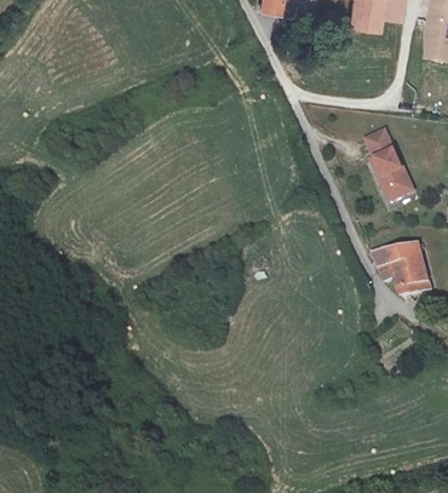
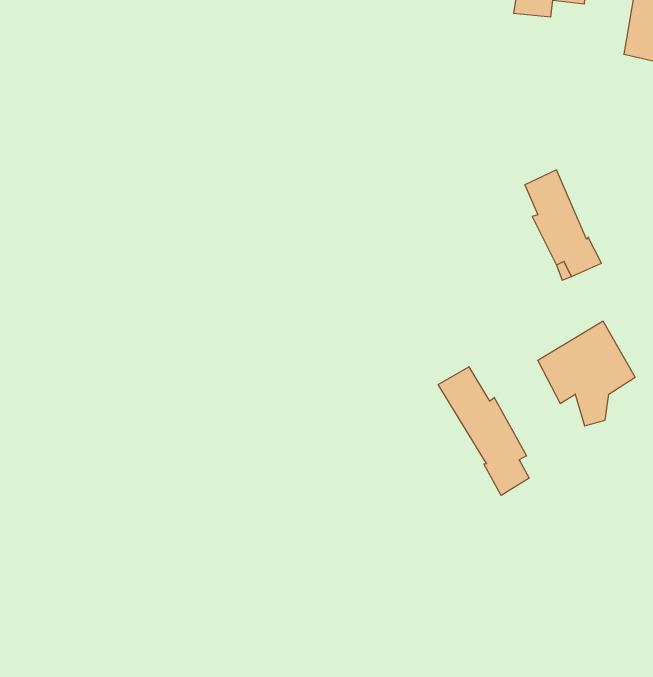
building: none -> [438,367,529,495]

